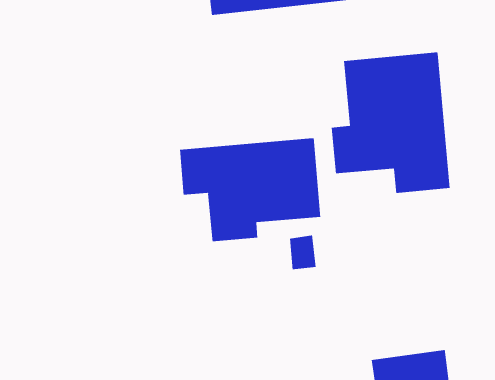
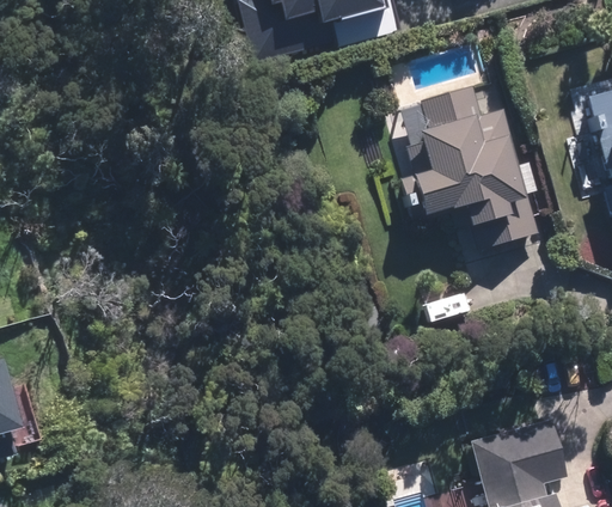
building: [179,137,321,242] -> none

